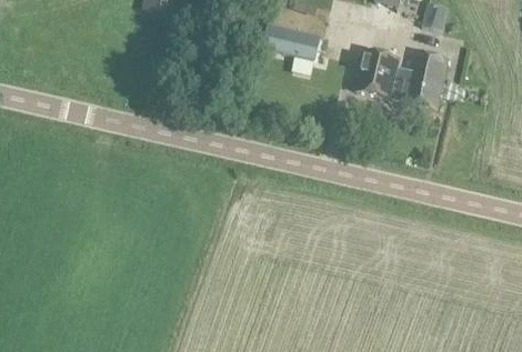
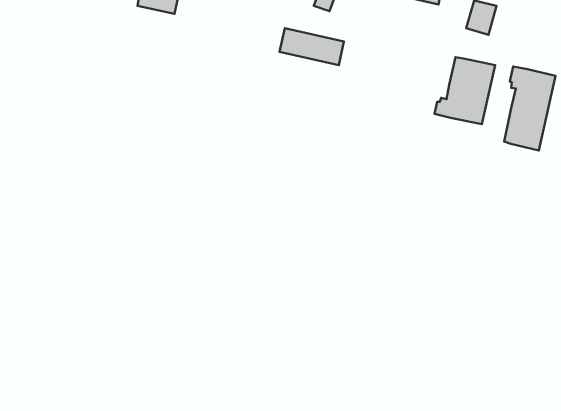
building: [355,50,408,97] -> none
building: none -> [504,66,555,151]

